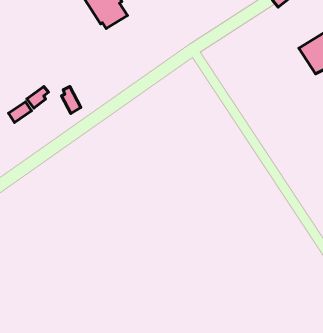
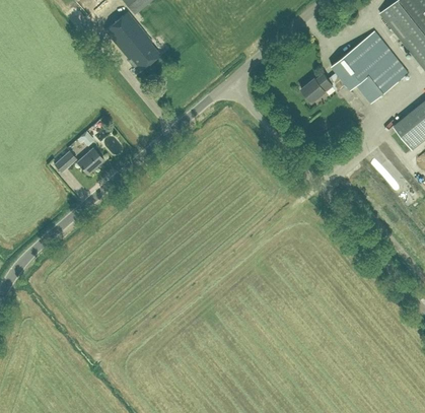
building: none -> [301,73,333,102]
building: none -> [77,148,104,176]

